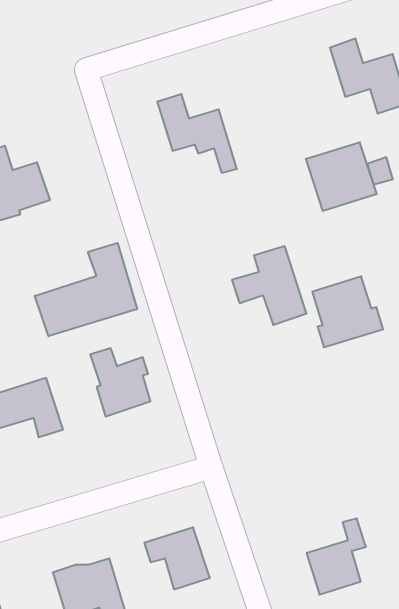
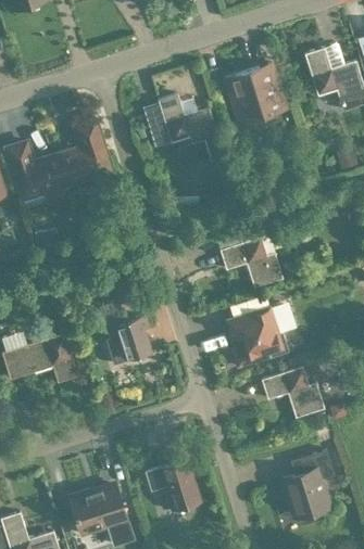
building: none -> [57,116,115,183]
building: [306,142,377,211] -> [226,65,286,123]
building: [35,243,137,336] -> none
building: [312,276,383,347] -> [228,308,288,368]
building: none -> [262,367,325,418]

